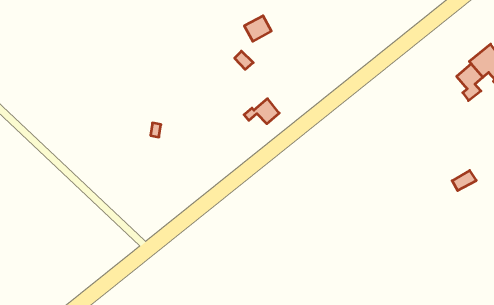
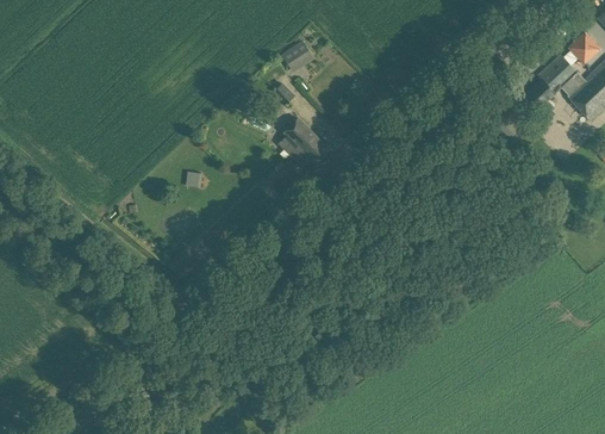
building: none -> [280,118,316,155]

